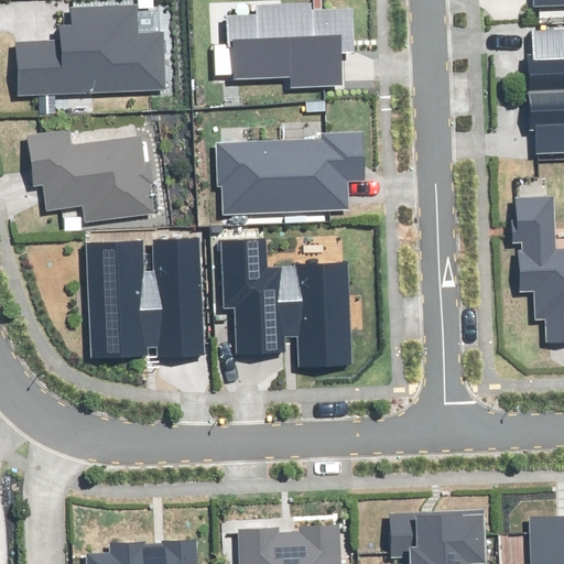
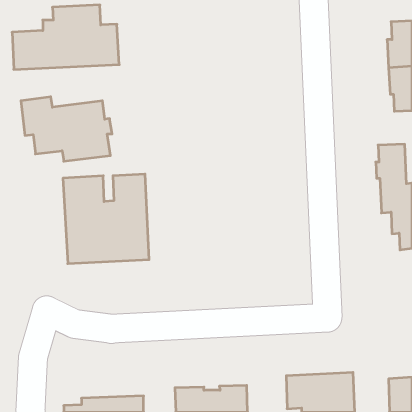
building: [227,4,354,86] -> none
building: [217,133,362,214] -> none
building: [223,240,350,366] -> none

